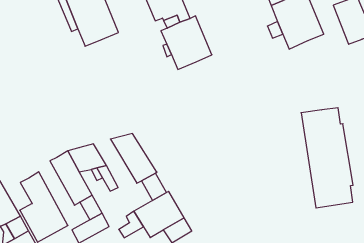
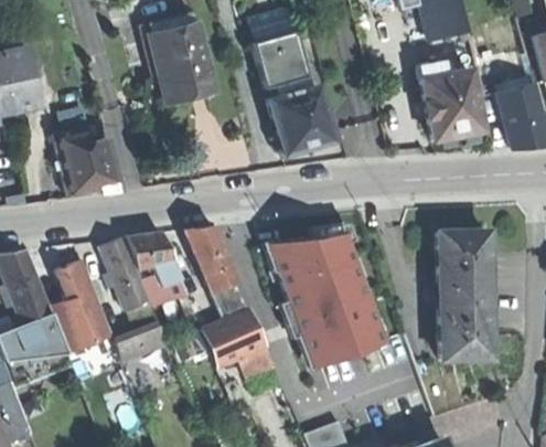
building: none -> [53,126,116,195]
building: none -> [267,232,387,363]

